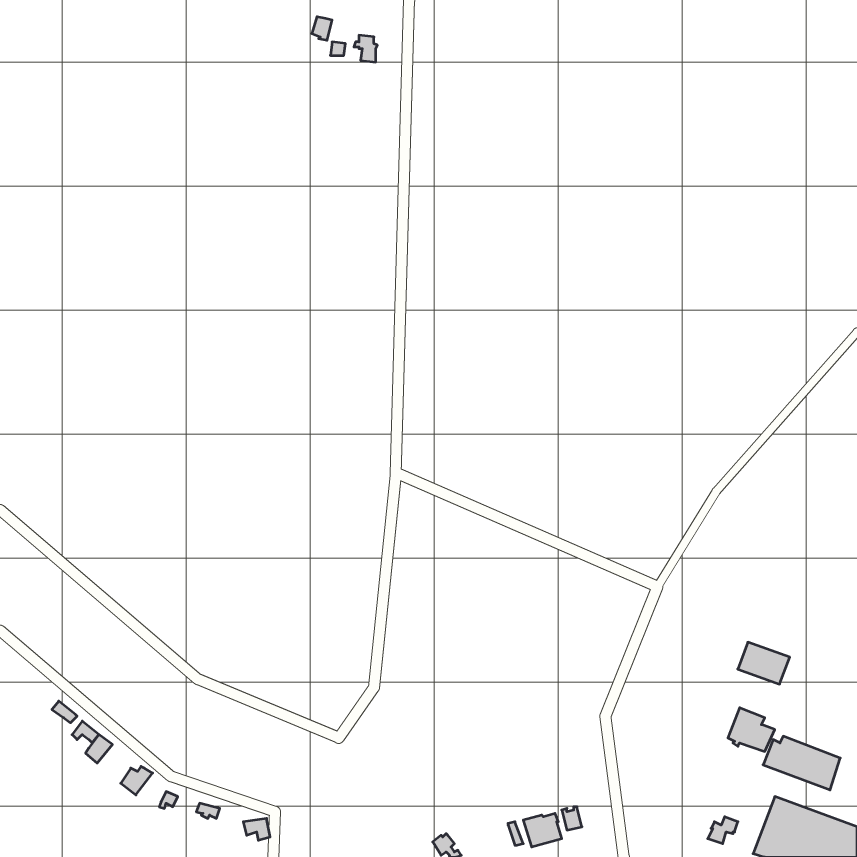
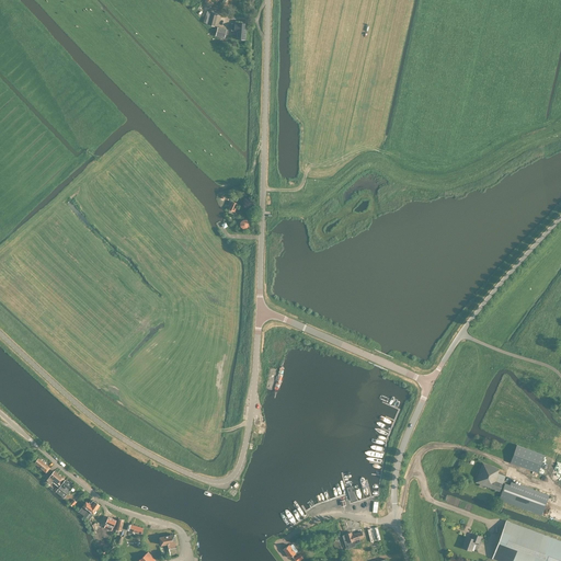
building: [738,642,790,684] -> [511,447,545,474]

